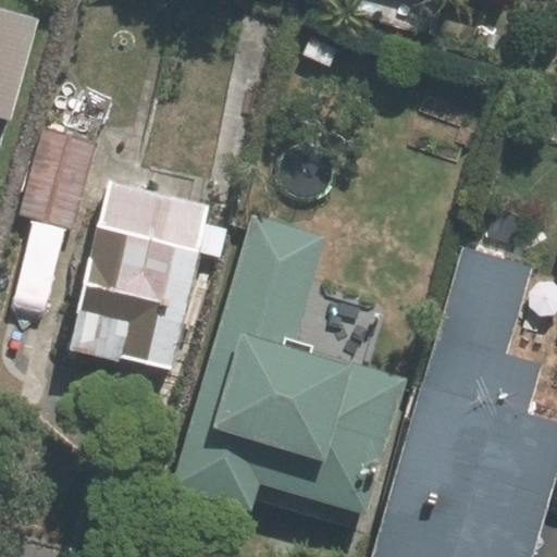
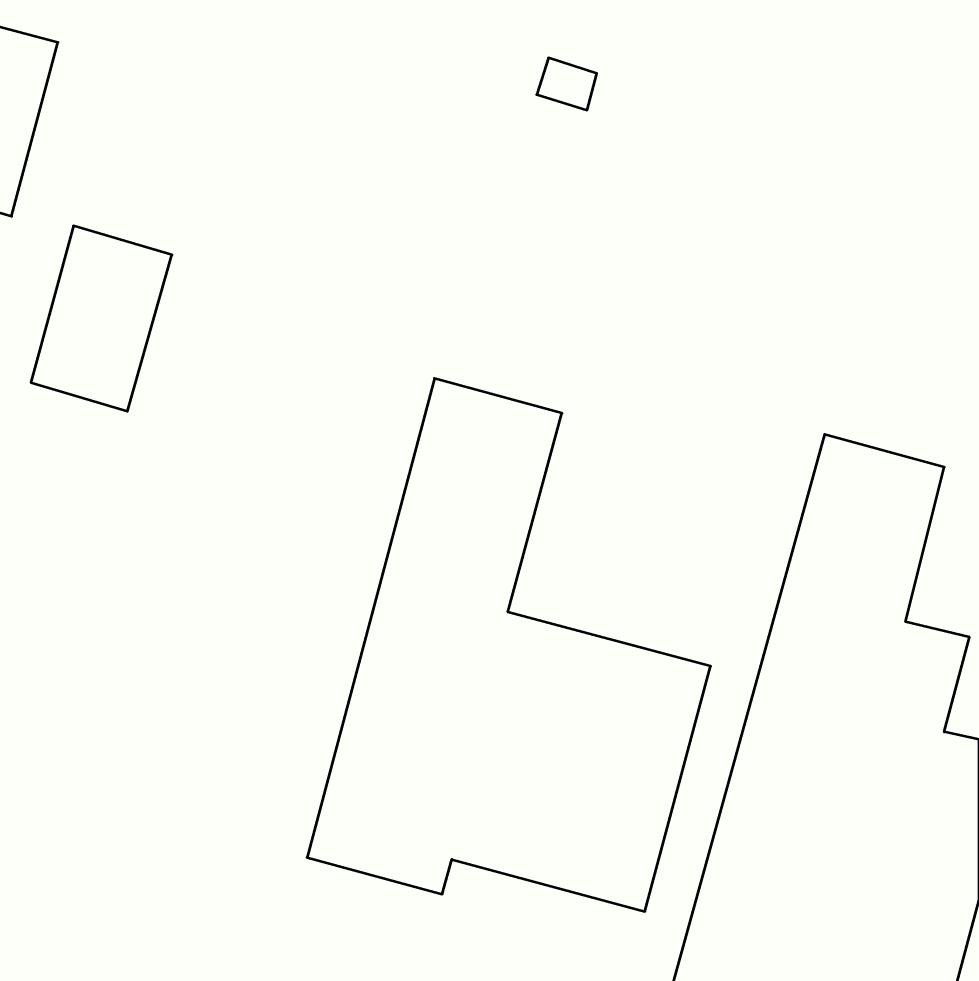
building: [69,177,223,371] -> none

